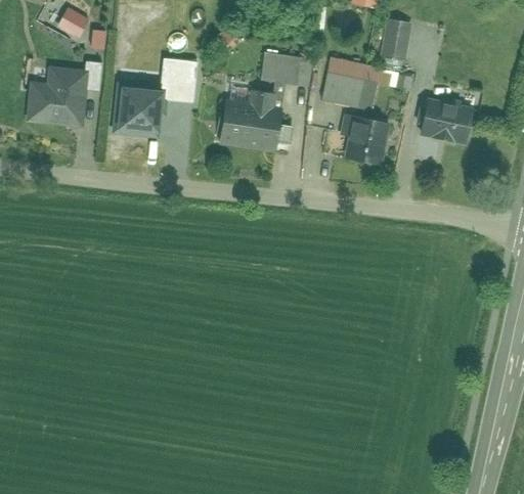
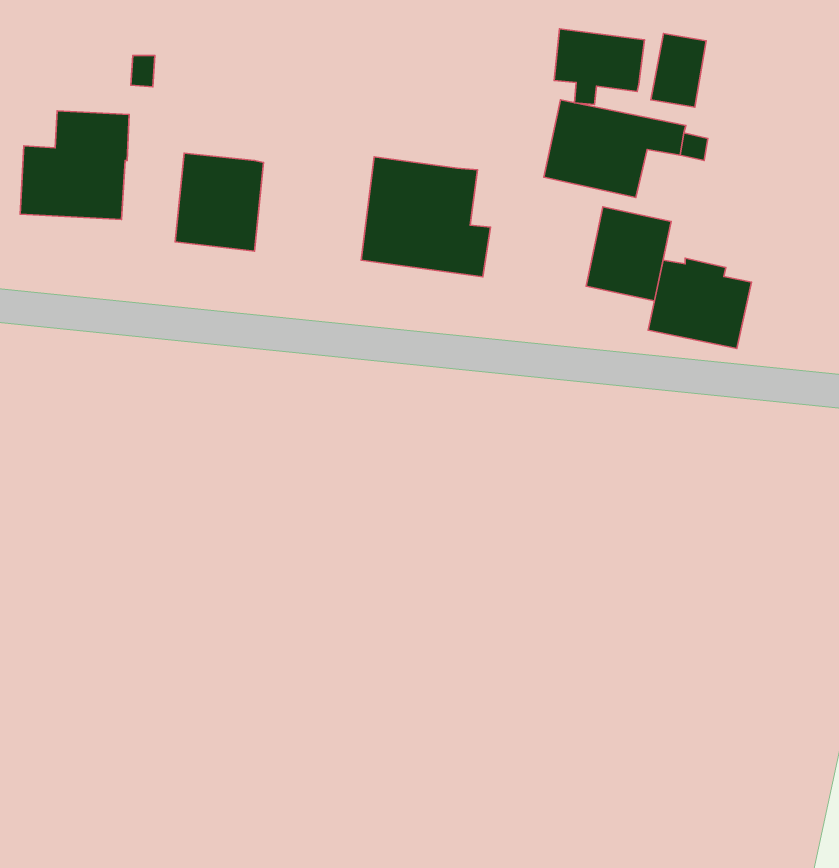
building: [54,6,88,39] -> none
building: [261,53,311,95] -> [554,29,644,105]
building: [160,59,196,102] -> none
building: [418,96,475,146] -> [648,258,752,349]

